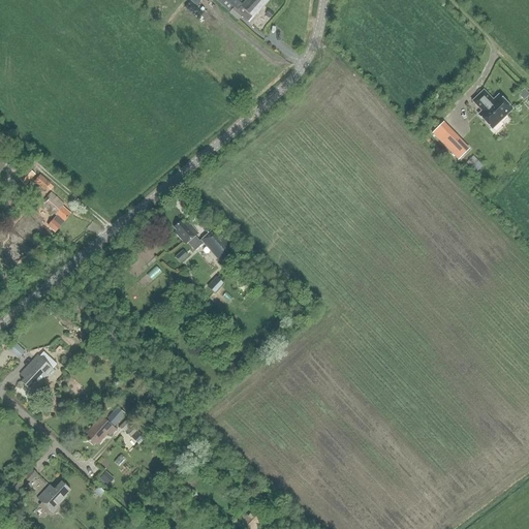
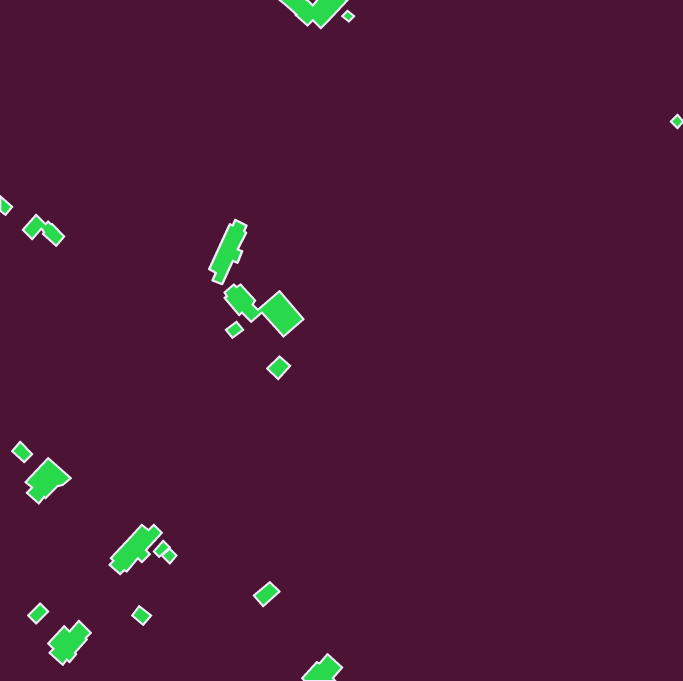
building: [472,90,511,127] -> none
building: [432,121,469,159] -> none
building: none -> [209,220,247,284]
building: [40,193,70,231] -> none

